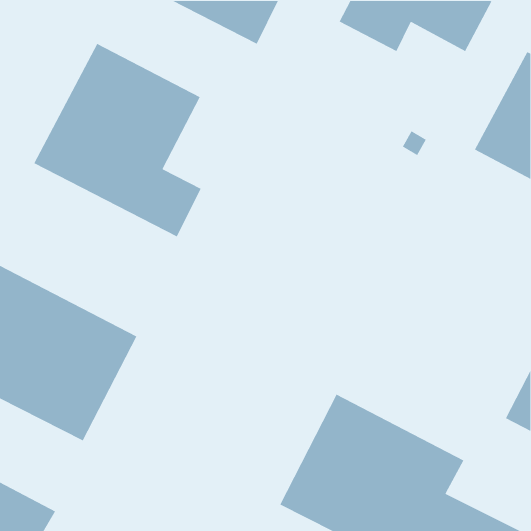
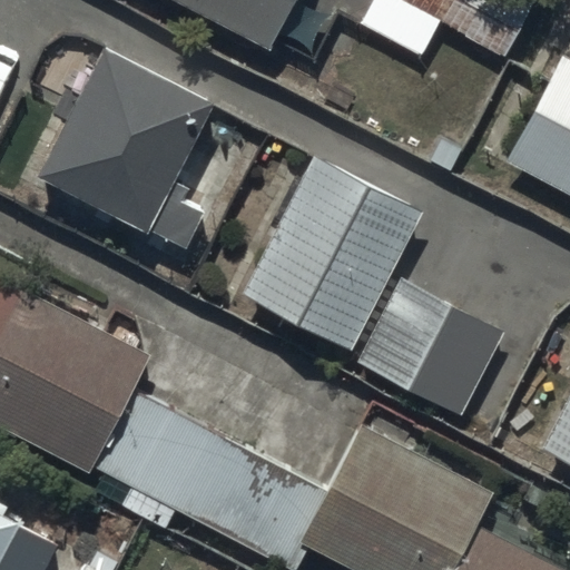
building: none -> [245,159,422,347]
building: none -> [364,281,505,413]
building: none -> [102,399,317,563]

